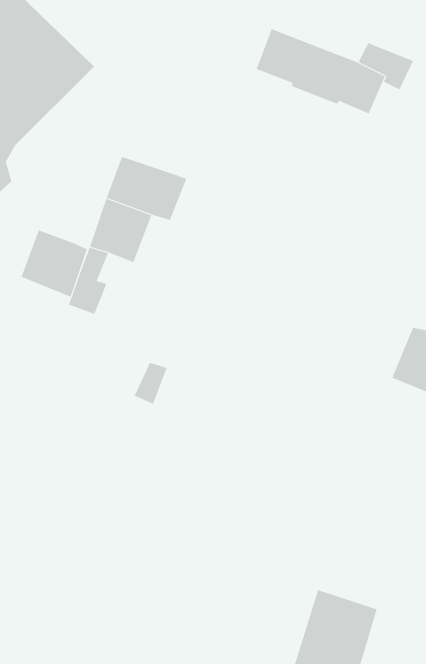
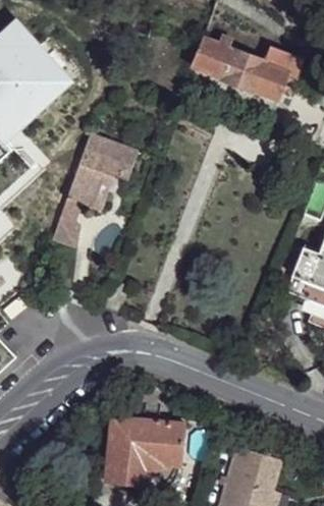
building: [21,230,87,297] -> none
building: none -> [104,418,185,496]

